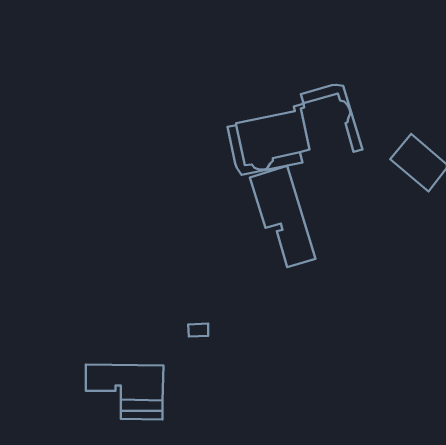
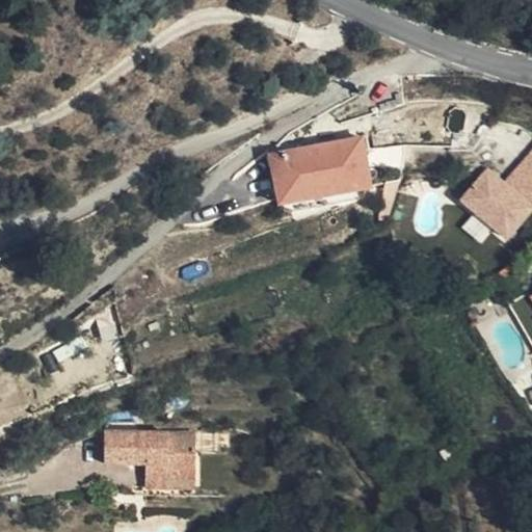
building: [301,85,363,152] -> none
building: [250,166,316,267] -> none

